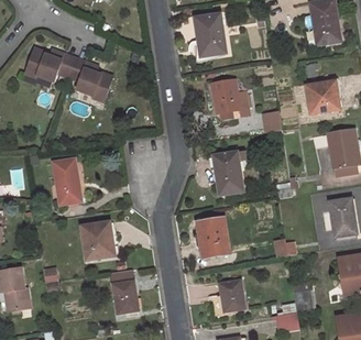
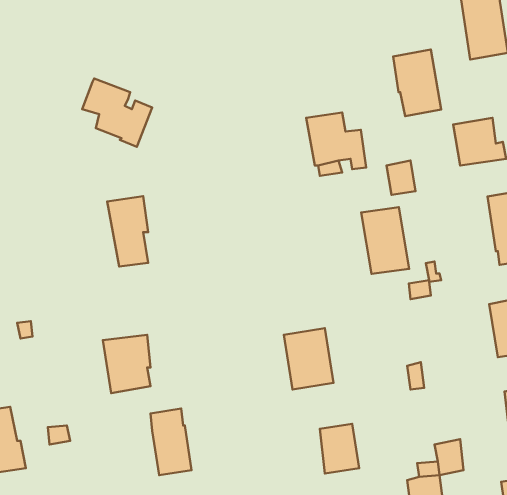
building: [195,13,226,56] -> [393,50,441,116]
building: [24,46,75,80] -> none
building: [212,152,243,195] -> [361,207,409,274]
building: [52,158,78,204] -> [107,196,148,266]

